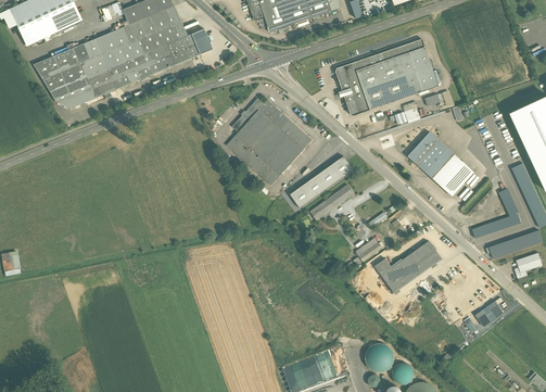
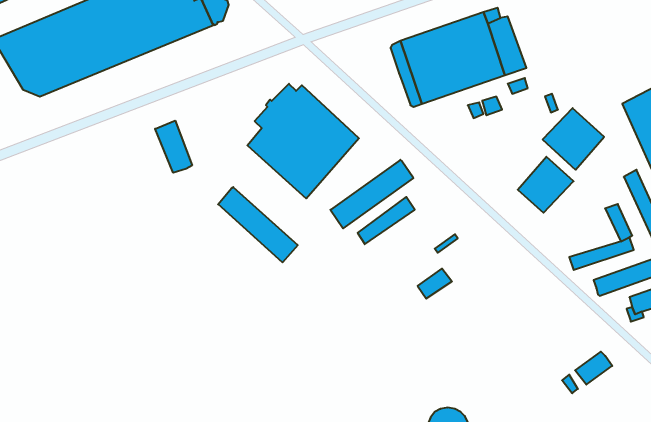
building: none -> [155,121,192,173]
building: [406,131,453,178] -> [543,108,604,170]
building: none -> [218,187,298,262]
building: [373,240,441,292] -> none

